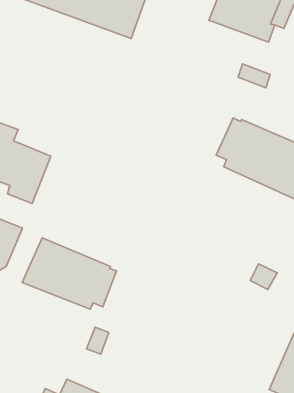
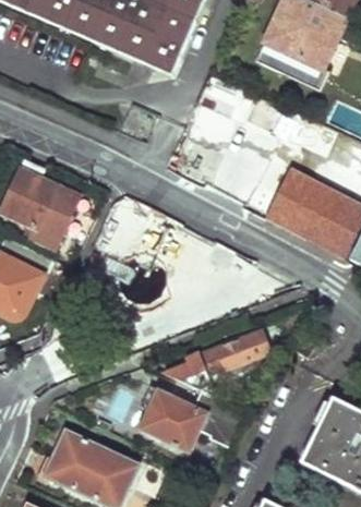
building: [22,238,117,309] -> none
building: none -> [189,329,269,386]
building: none -> [136,387,245,450]

